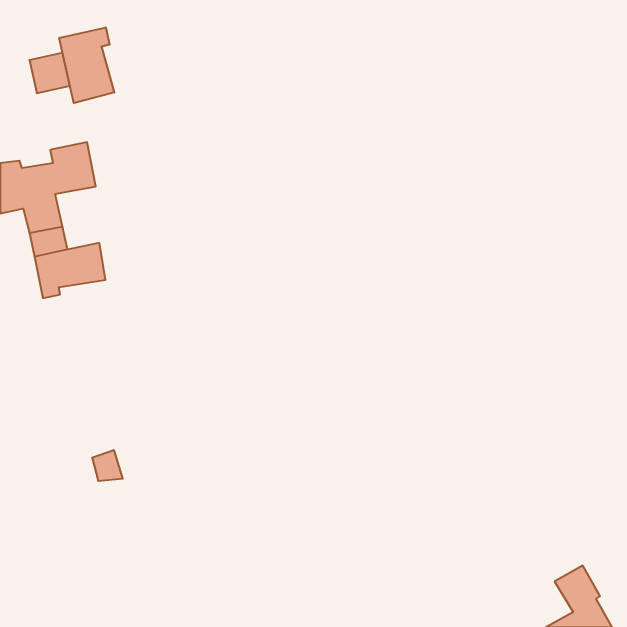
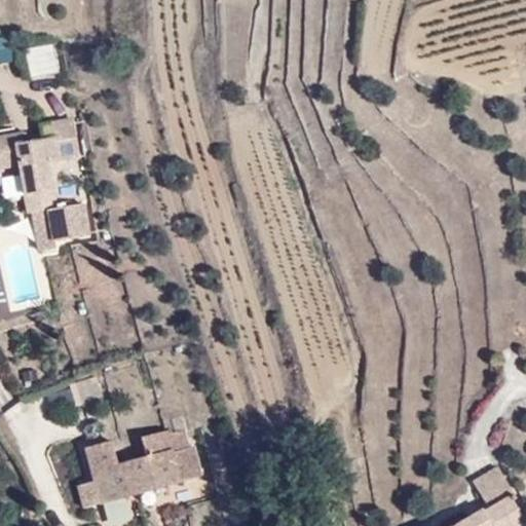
building: [59,27,114,103] -> none
building: none -> [86,429,201,504]

